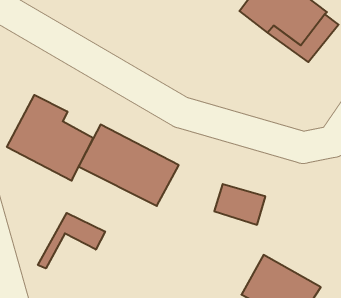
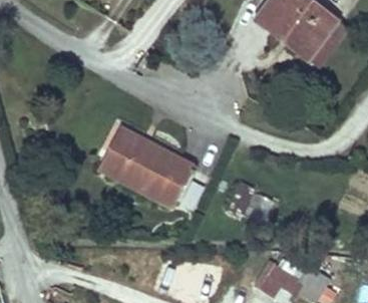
building: [7,95,93,181] -> none
building: [38,213,105,268] -> none

